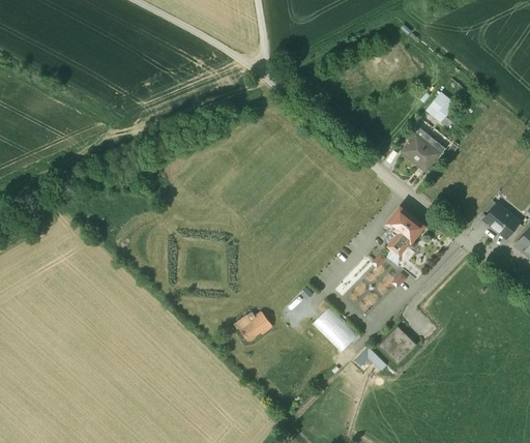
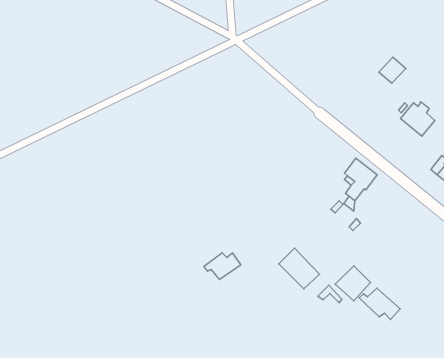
building: [402,132,440,171] -> [401,102,435,136]
building: none -> [359,288,400,319]

